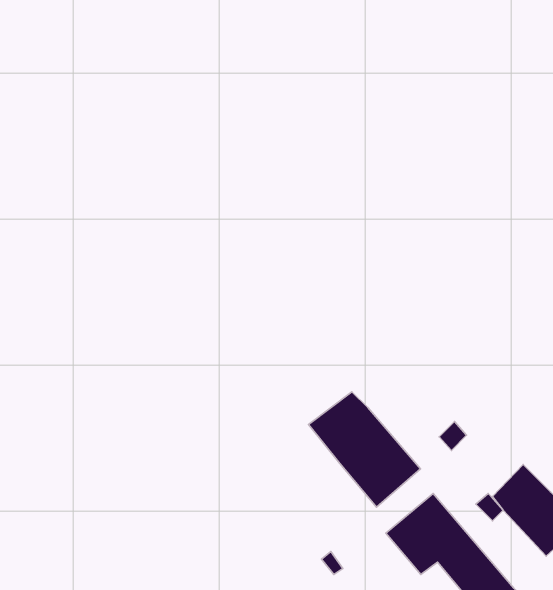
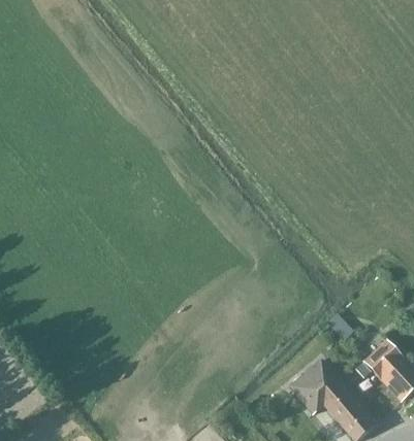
building: [308,392,420,507] -> none

